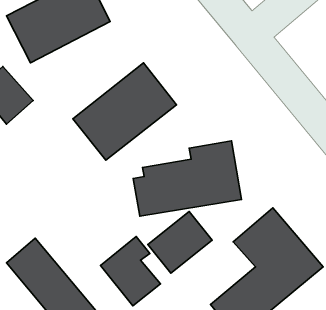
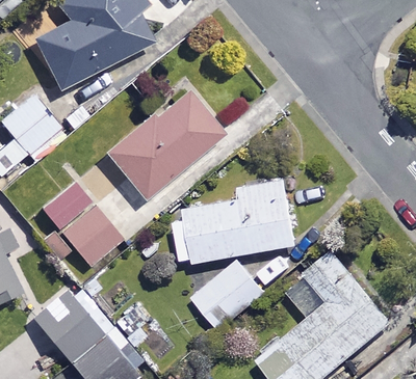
building: none -> [42,184,120,266]
building: [101,236,161,306] -> none

